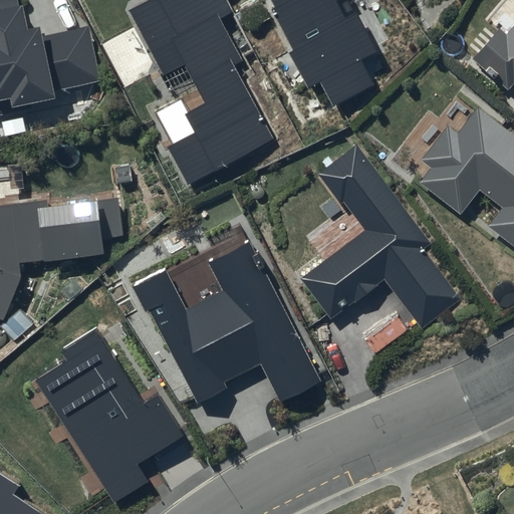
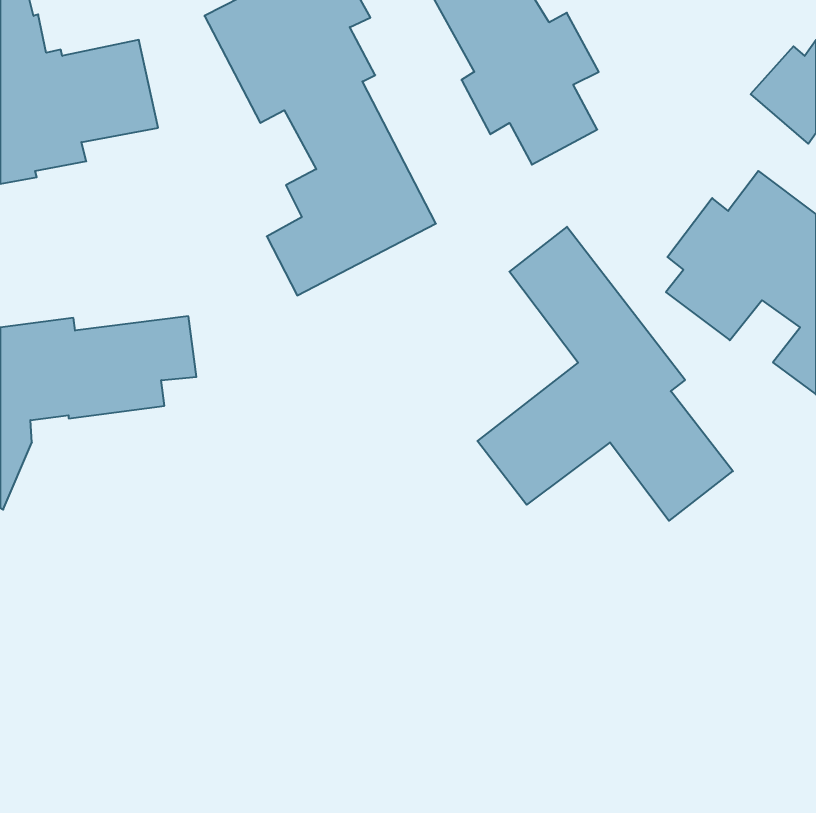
building: [135,238,321,400] -> none
building: [35,322,181,503] -> none

